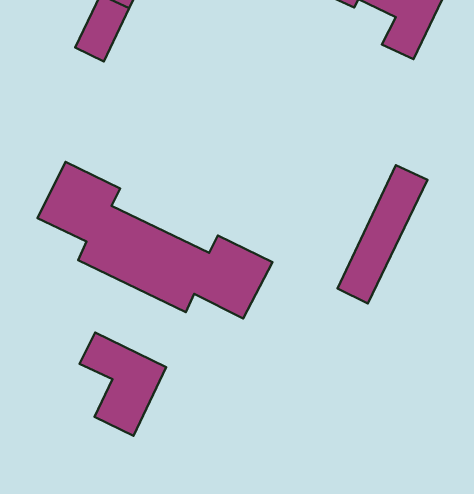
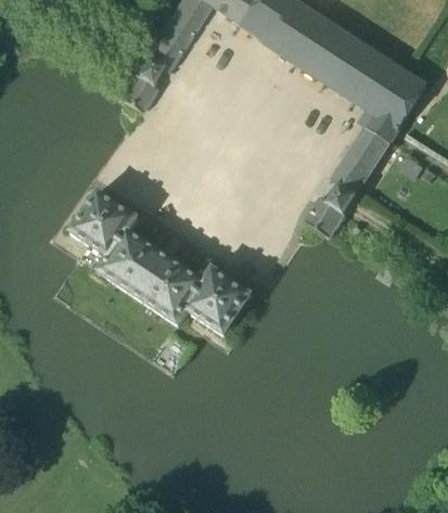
building: [338,165,427,304] -> [305,127,388,235]
building: [80,332,166,436] -> none

